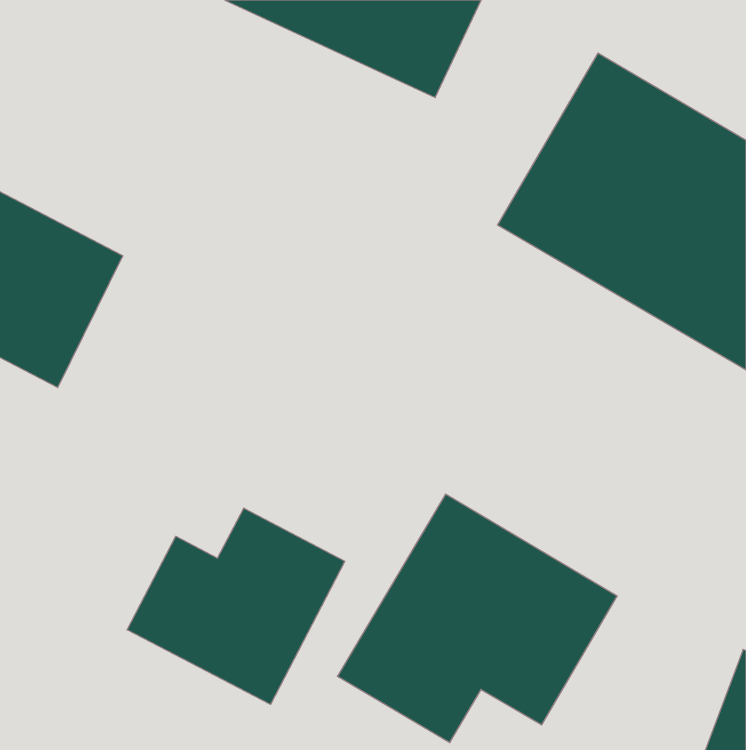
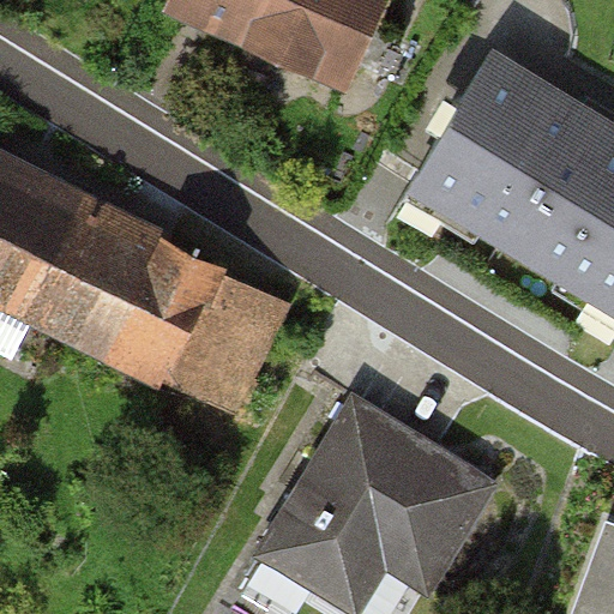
building: none -> [47,212,284,415]
building: [127,508,345,704] -> none

